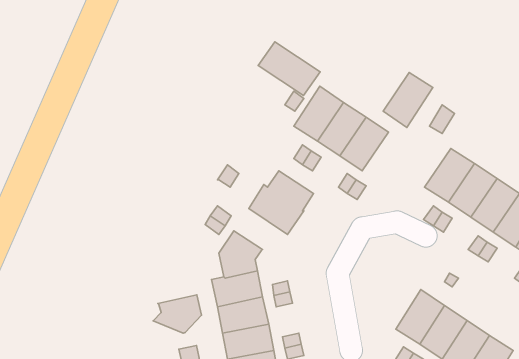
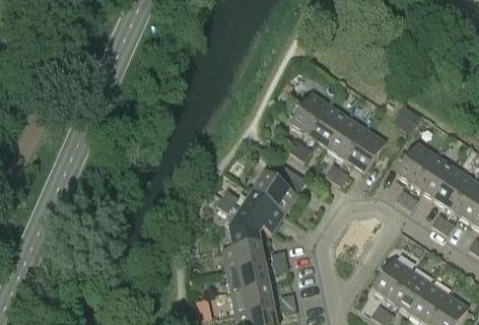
building: [258,42,320,95] -> none
building: [383,73,433,128] -> [345,129,386,174]
building: none -> [241,191,284,232]
building: [153,295,202,333] -> none

